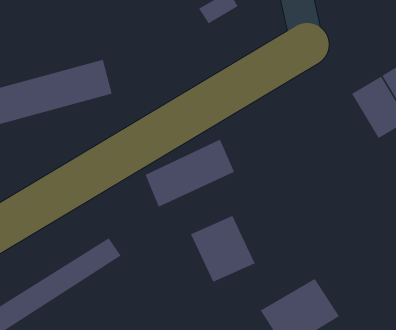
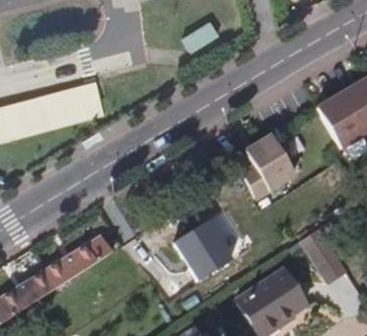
building: none -> [246,132,299,195]
building: [145,139,235,207] -> none
building: none -> [302,230,350,286]

